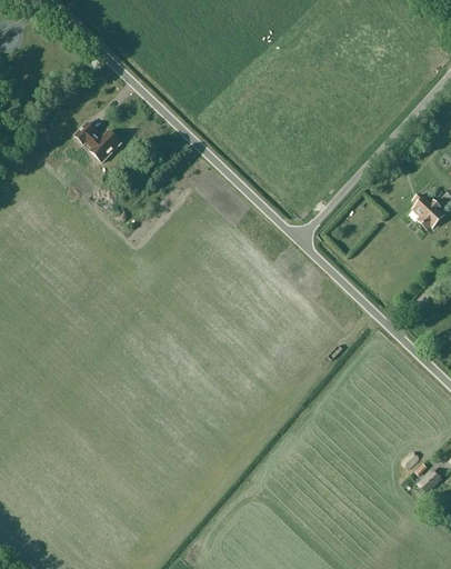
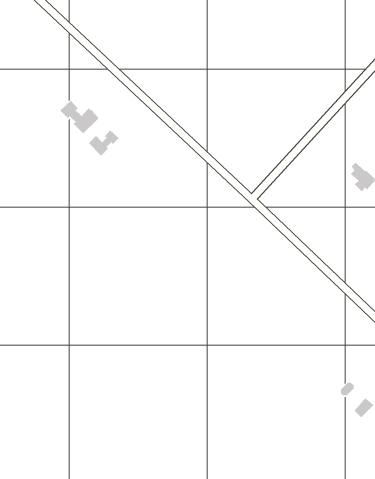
building: none -> [88,130,119,156]

